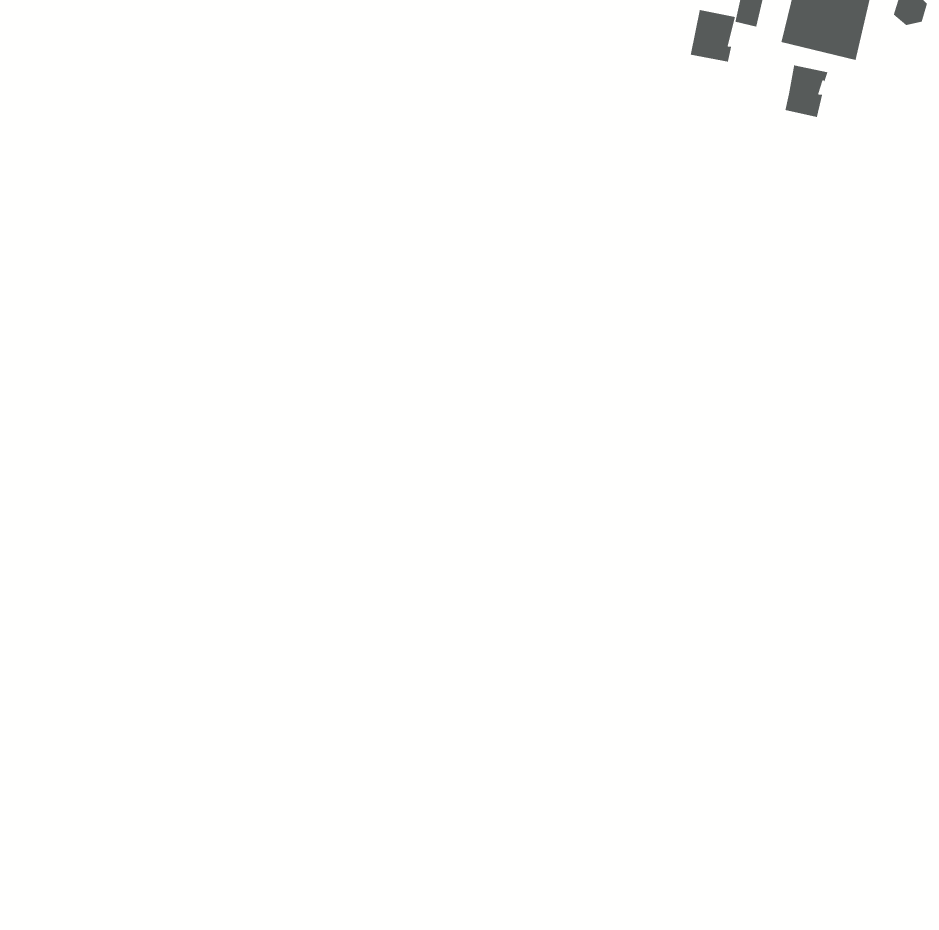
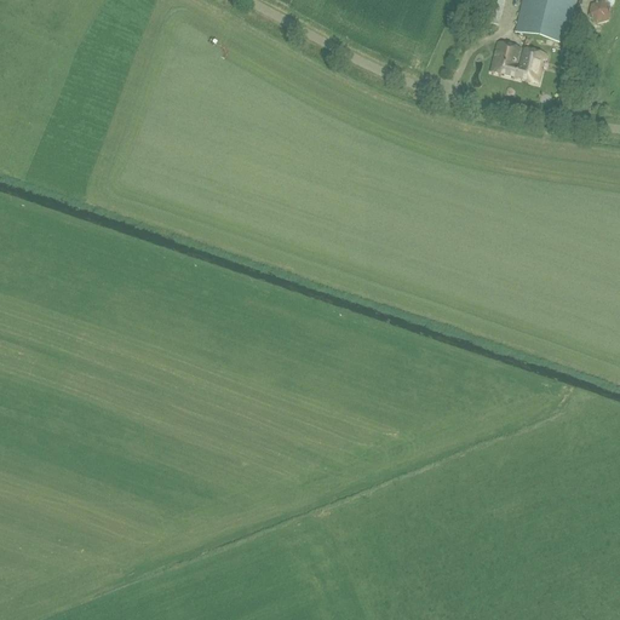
building: [690,9,736,62] -> [490,38,521,73]

